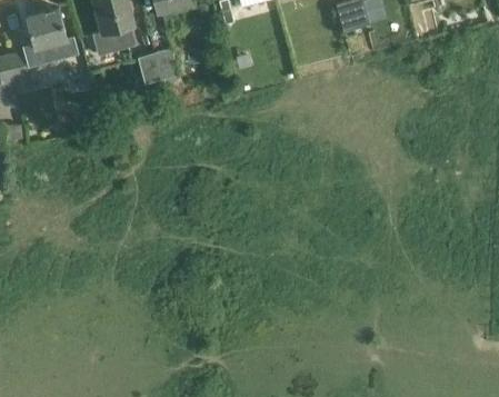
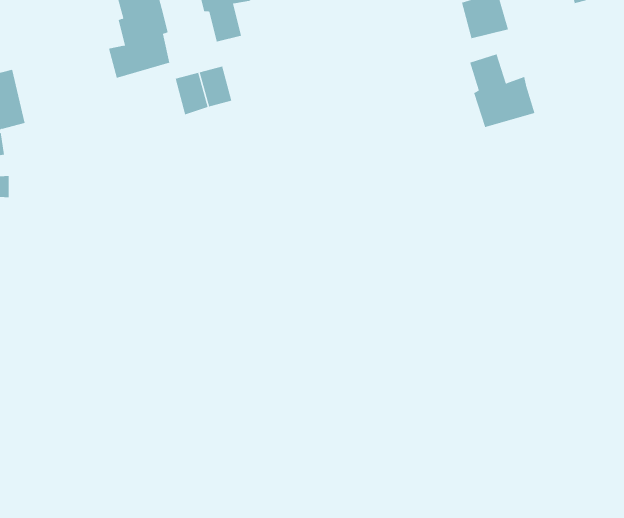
building: [27,9,84,75] -> none
building: none -> [469,54,535,128]

